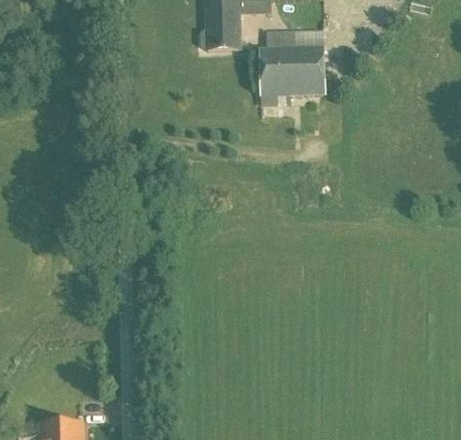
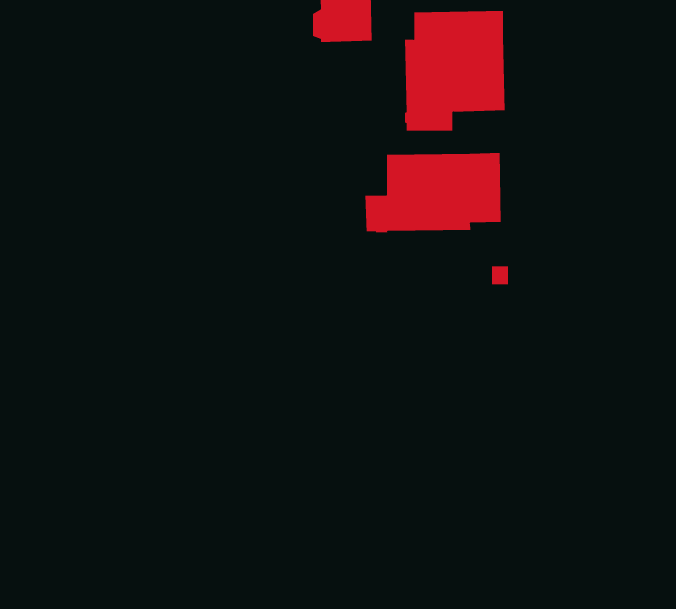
building: none -> [365,152,501,233]

